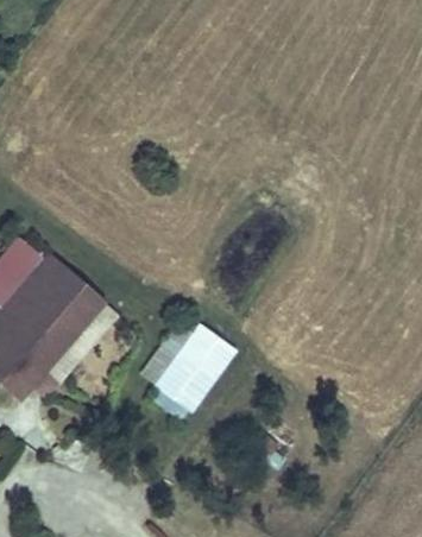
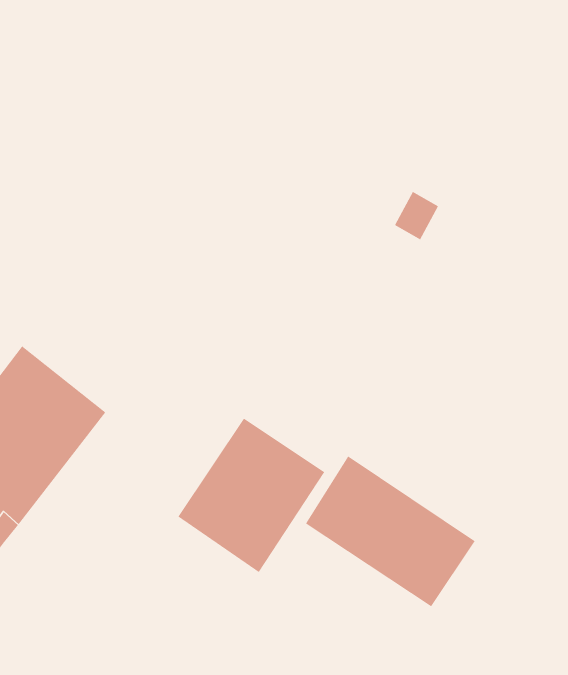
building: none -> [305,456,475,607]

